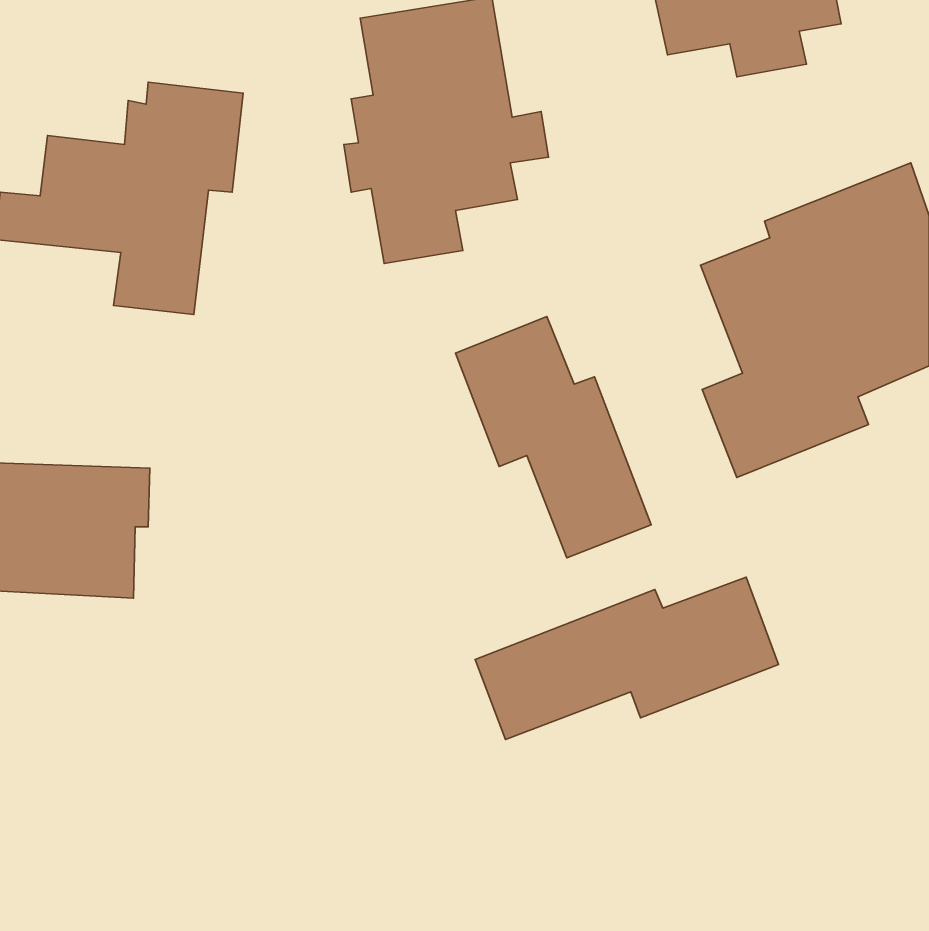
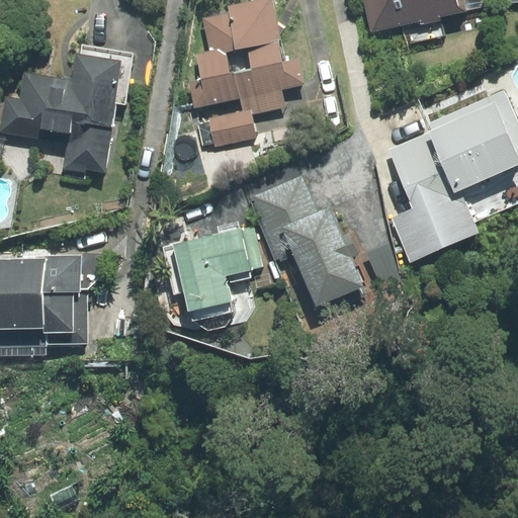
building: none -> [167,227,253,317]
building: [475,577,778,740] -> none

